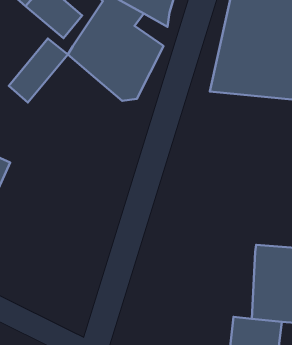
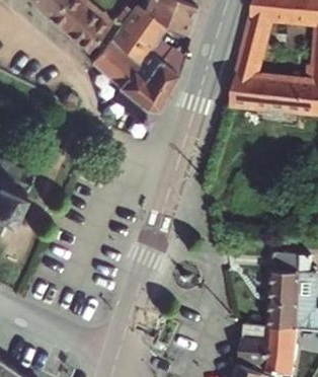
building: [9,38,68,102] -> none

